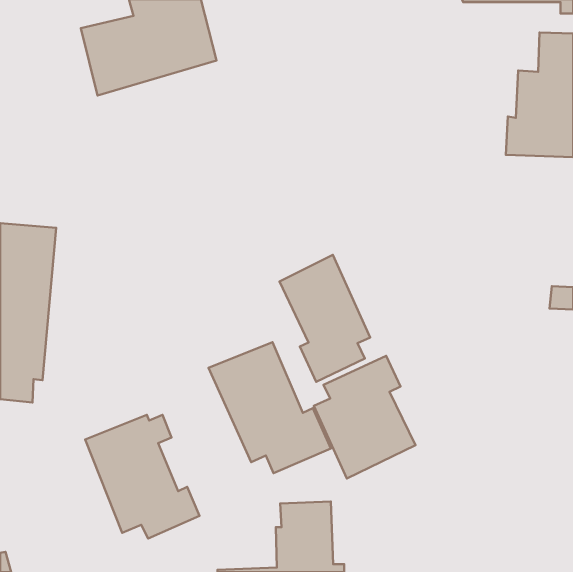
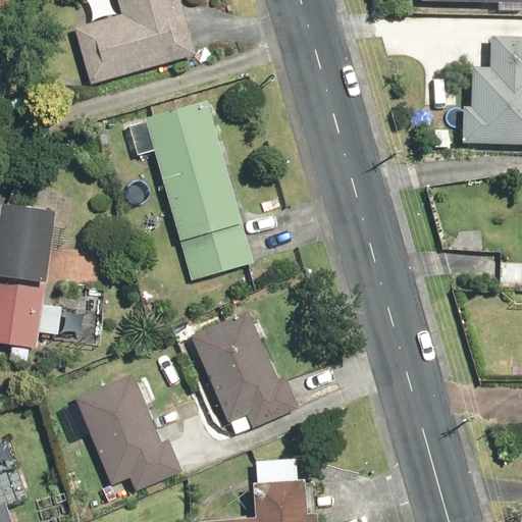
building: none -> [127,99,252,279]
building: [280,255,370,382] -> none
building: [314,356,415,479] -> none

